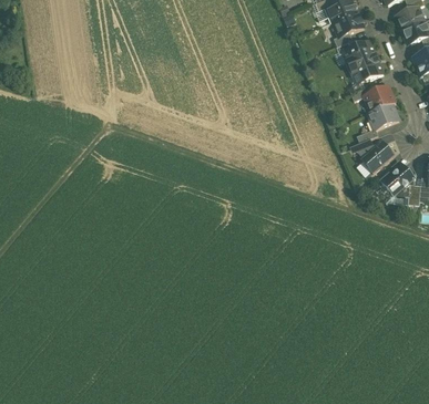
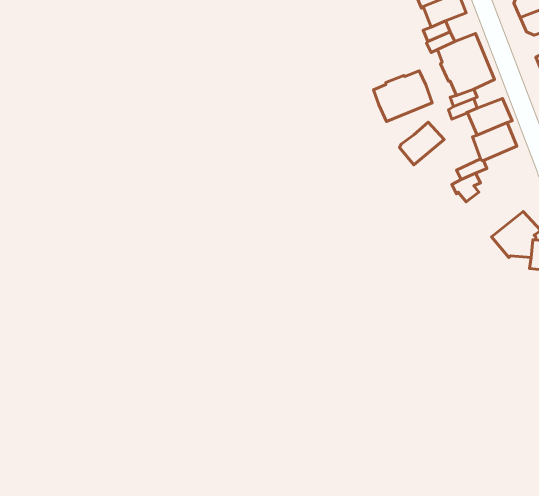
building: none -> [373,71,432,122]
building: [362,142,394,172] -> [400,122,444,165]

